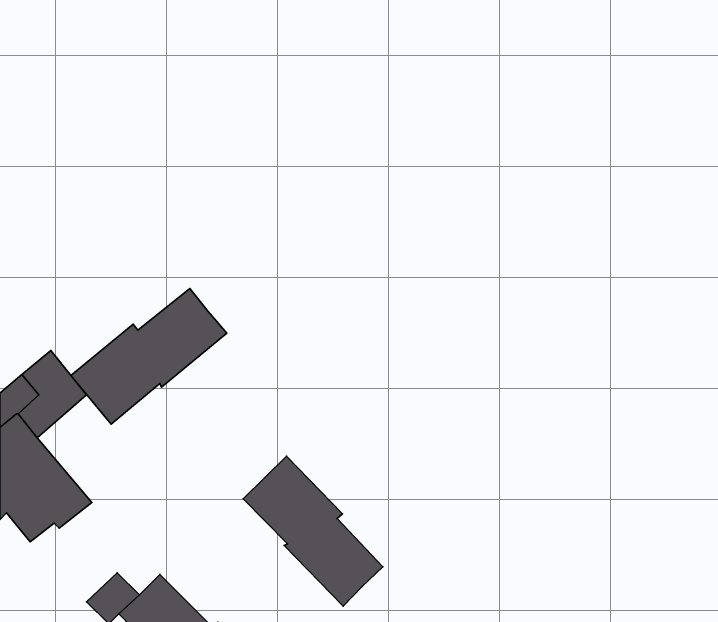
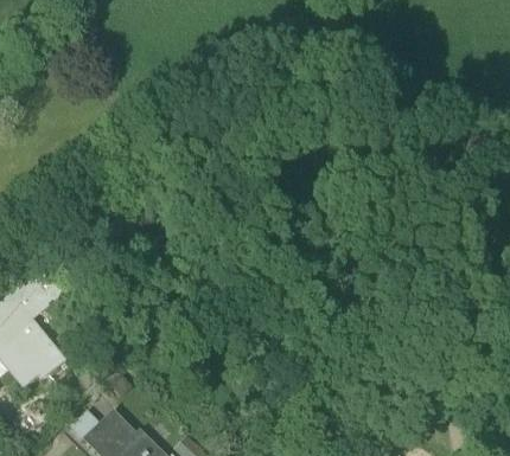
building: [71,288,227,424] -> none
building: [243,456,383,606] -> none

